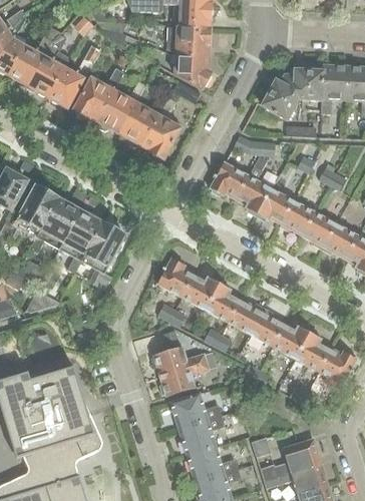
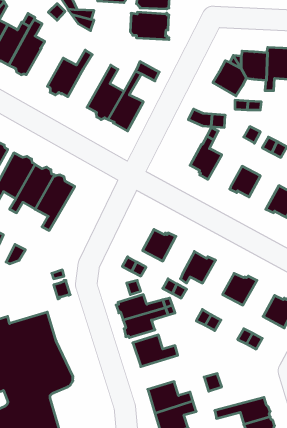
building: [169,53,212,88] -> none
building: [48,57,93,106] -> none
building: [95,80,144,132] -> none
building: [209,160,248,198] -> none
building: [255,186,294,223] -> none
building: [302,210,336,248] -> none
building: [81,221,124,285] -> none
building: [156,257,194,296] -> none
building: [204,280,240,321] -> none
building: [249,307,285,346] -> none
building: [295,330,331,371] -> none
building: [178,409,244,454] -> none
building: [259,439,319,478] -> none

